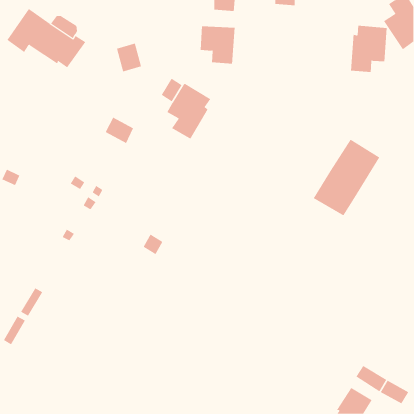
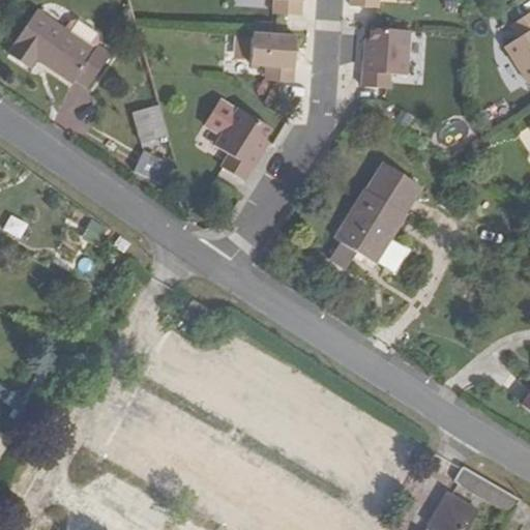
building: [350,25,388,72] -> [360,28,408,88]
building: [116,43,142,72] -> [132,104,166,141]
building: [313,139,380,216] -> [335,163,421,261]

